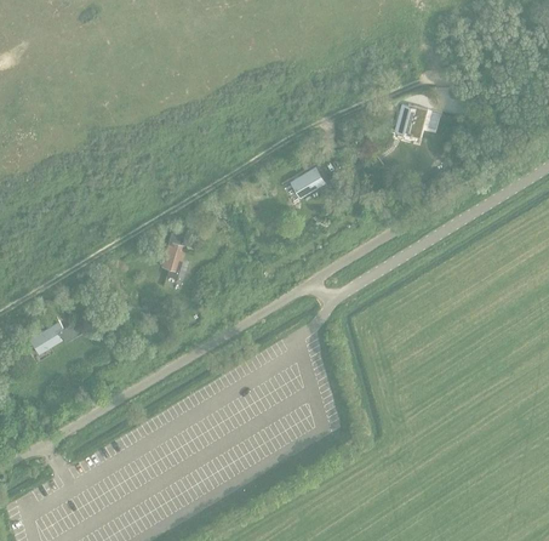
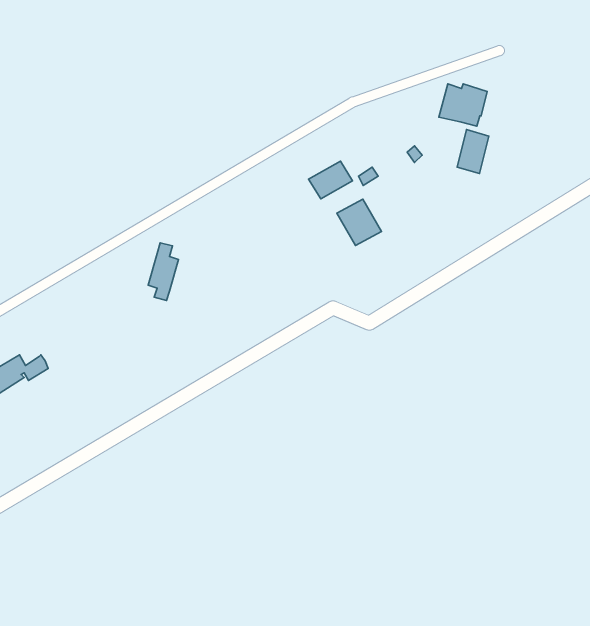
building: none -> [457,130,489,173]
building: none -> [337,199,381,246]

